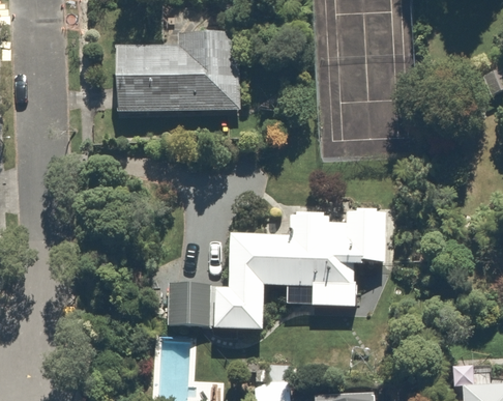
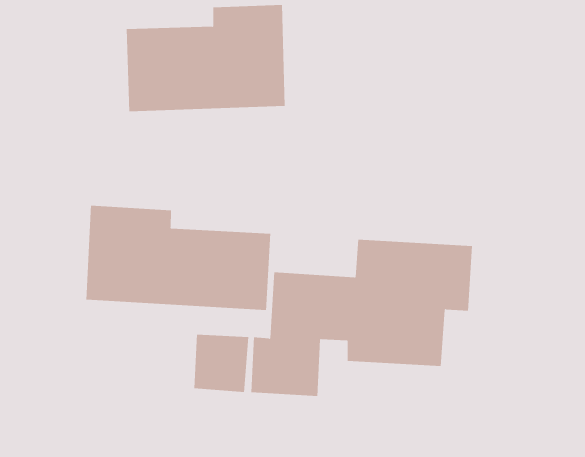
building: none -> [86,205,271,311]

